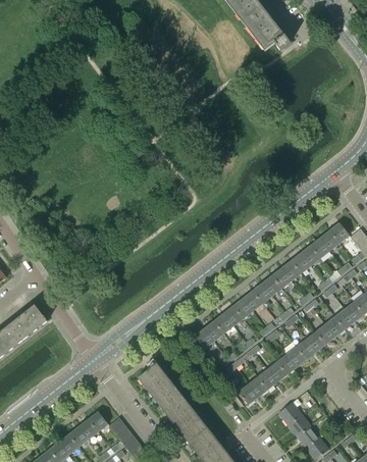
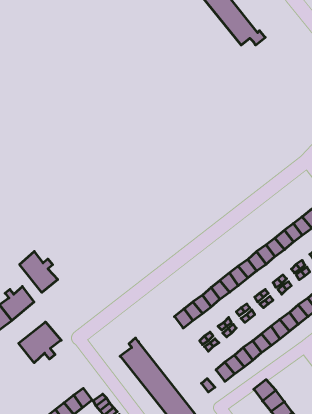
building: none -> [20,251,58,292]
building: none -> [19,322,61,363]

